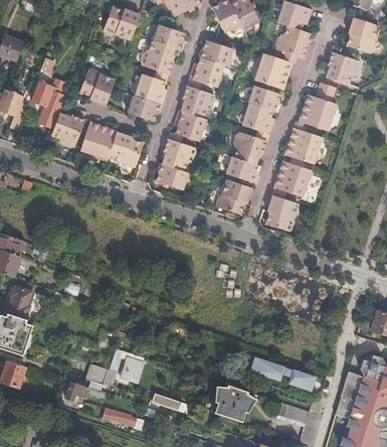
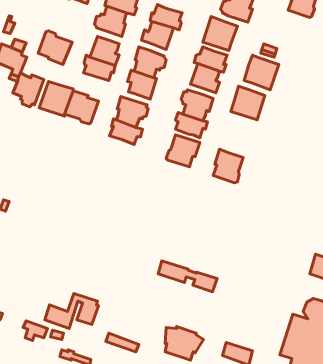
building: [327,51,362,85] -> none
building: [274,160,312,196] -> none
building: [252,357,316,391] -> [158,261,217,292]

